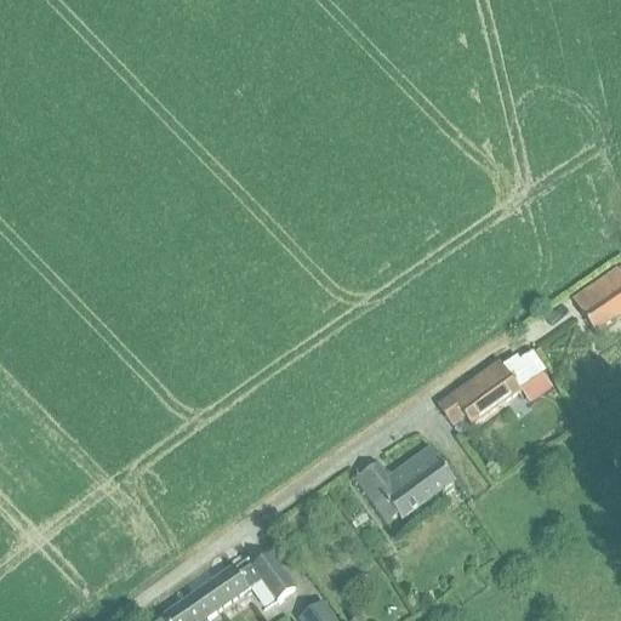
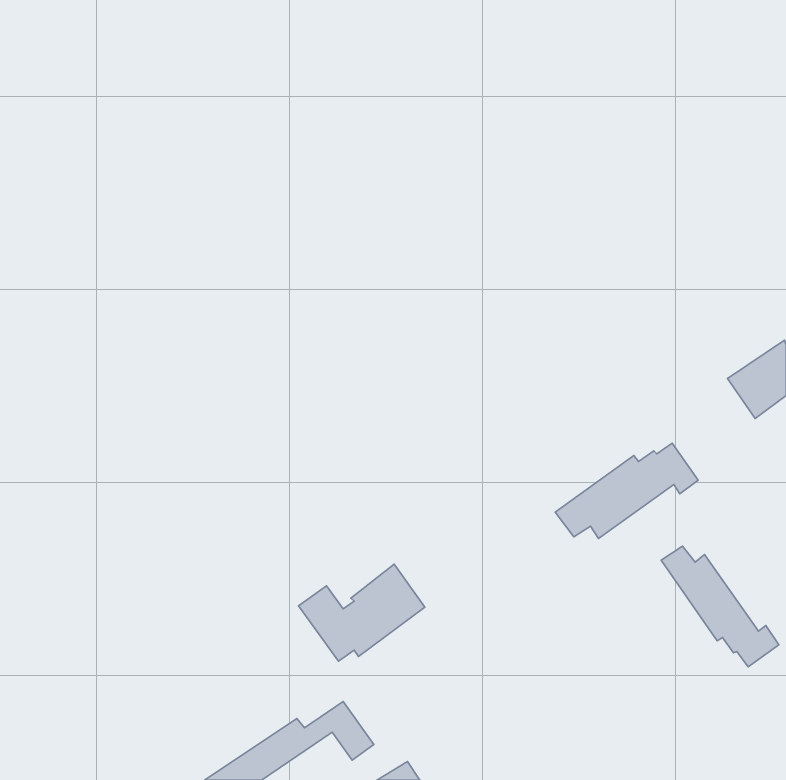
building: none -> [661,546,779,667]
building: [355,445,455,522] -> [299,564,425,661]

